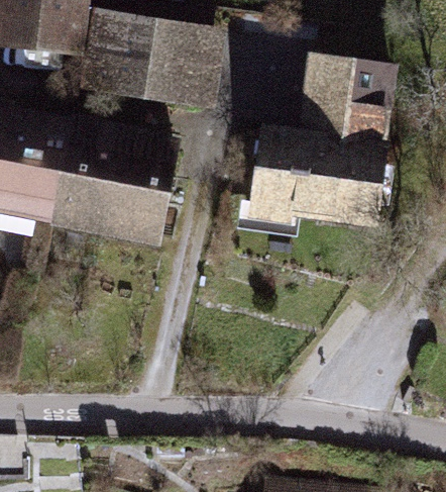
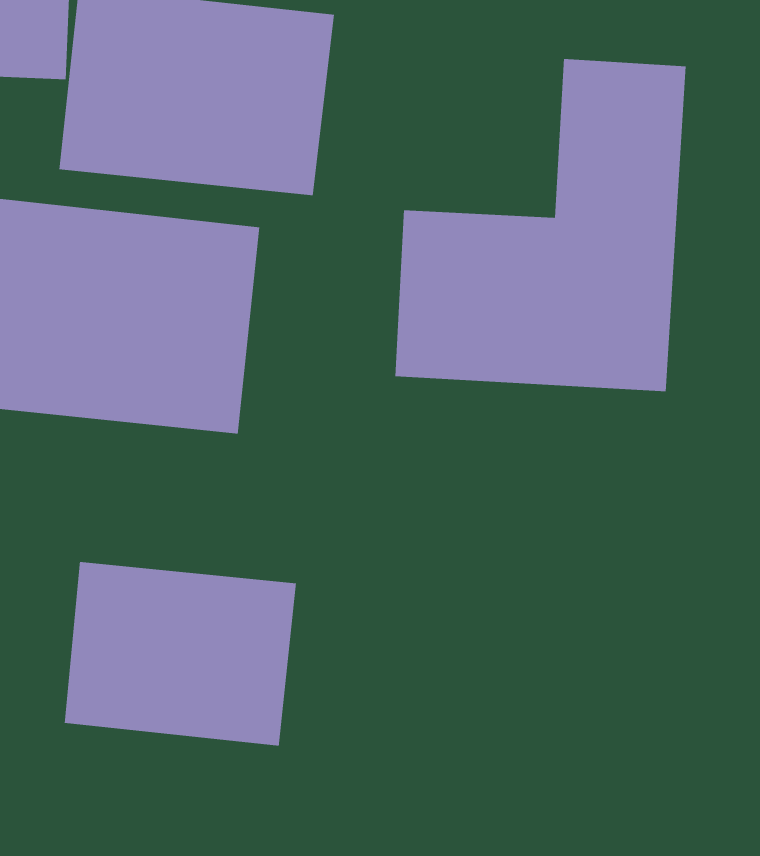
building: none -> [64,561,296,746]

